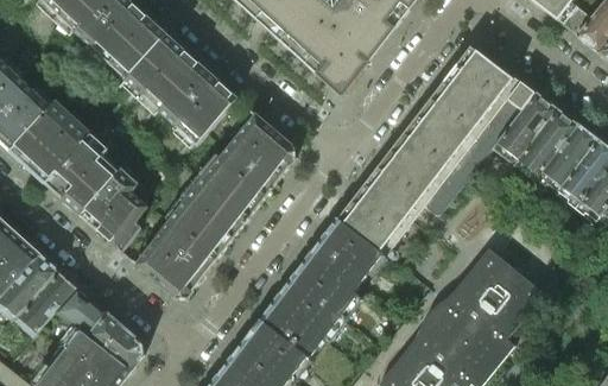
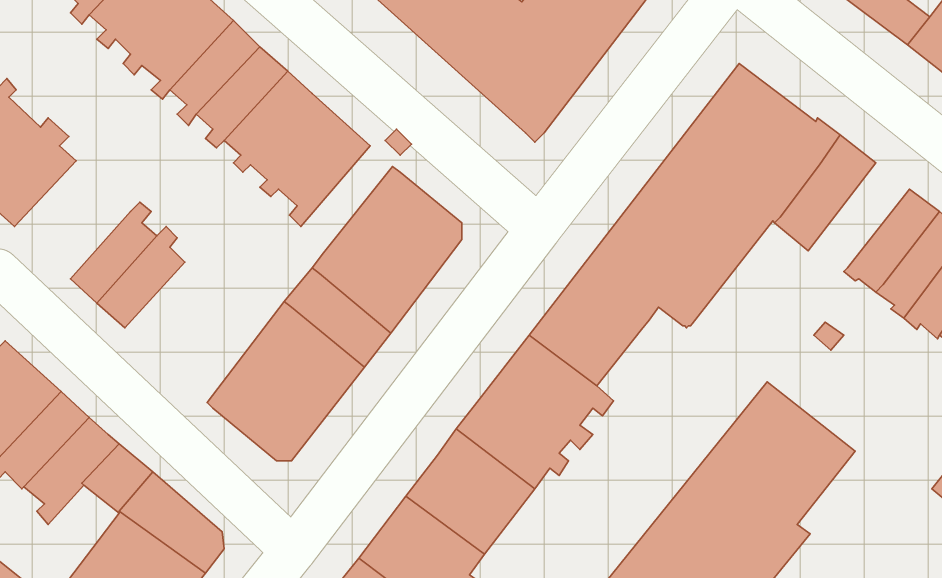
building: [11,100,84,181] -> none
building: [514,107,578,179] -> none
building: [81,165,147,249] -> none

